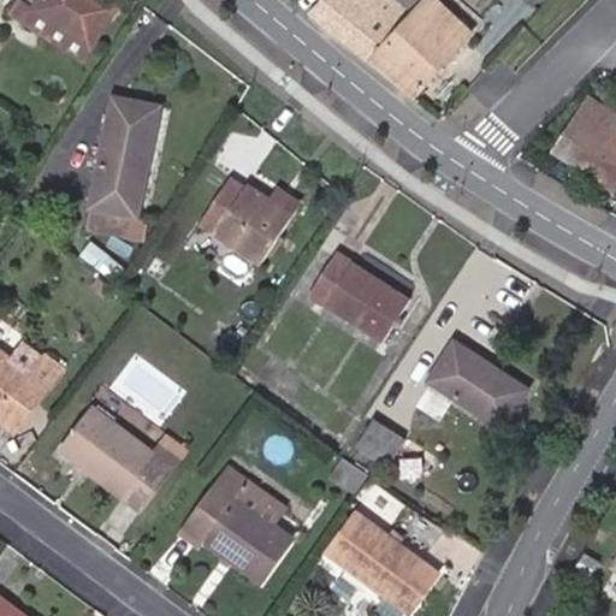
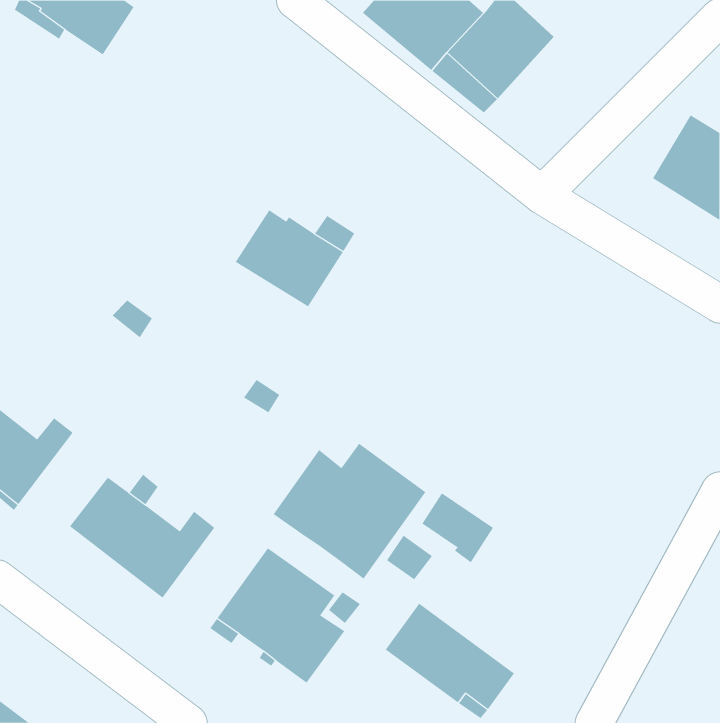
building: [87,96,158,236] -> none
building: [309,251,409,342] -> none
building: [432,343,525,425] -> none
building: none -> [273,443,426,579]

